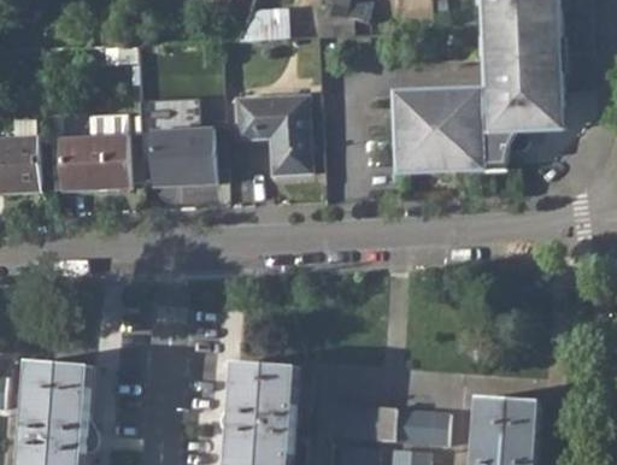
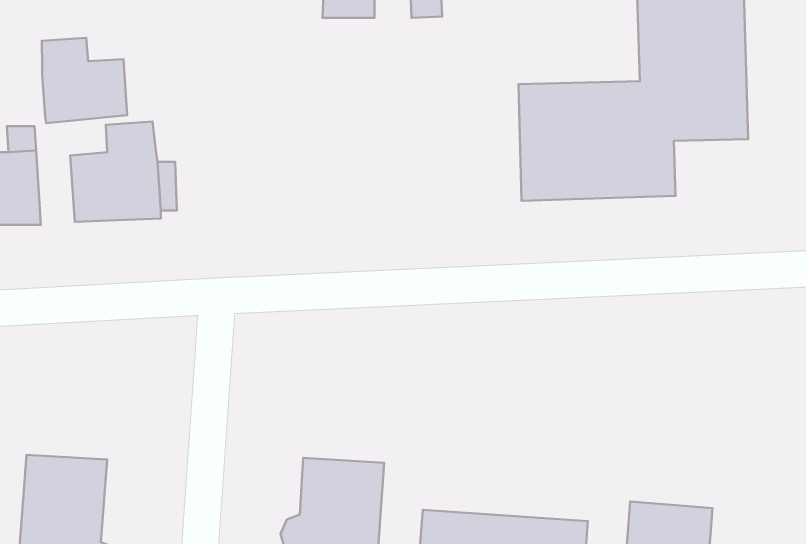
building: none -> [42,38,127,123]
building: [231,99,308,176] -> none
building: [149,129,211,186] -> none

